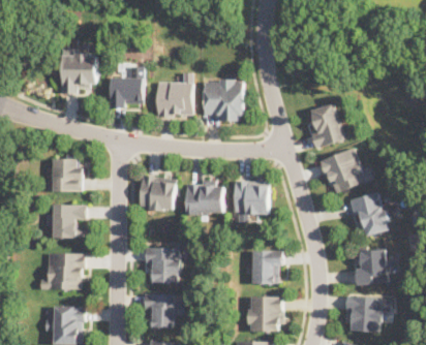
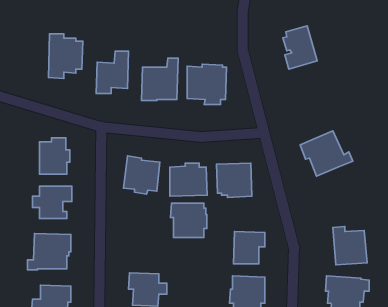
building: [309,104,344,149] -> [283,26,317,69]
building: [348,193,390,237] -> none
building: [145,248,182,283] -> [170,203,207,238]

